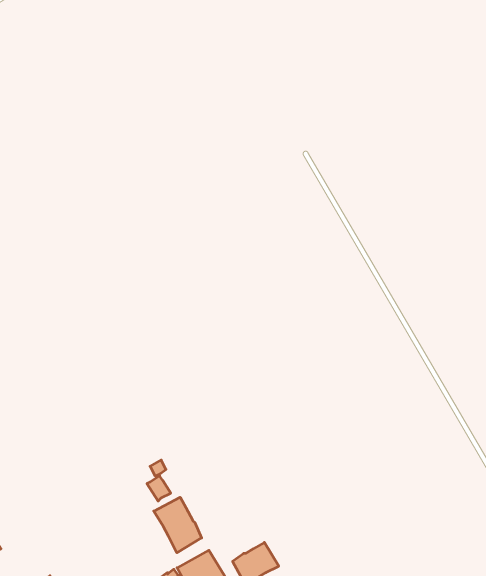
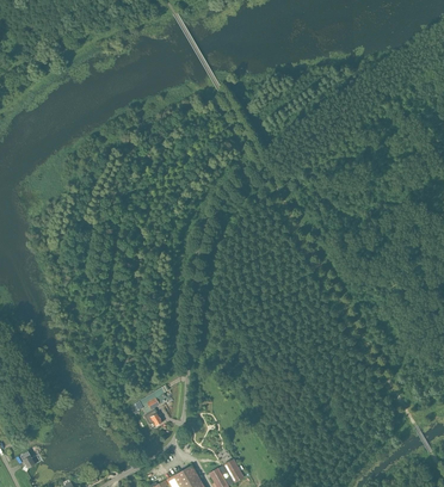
building: [154,497,202,553] -> none

